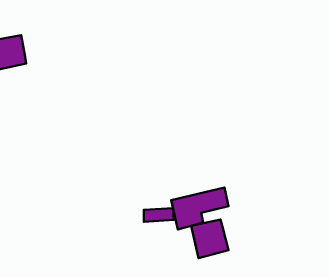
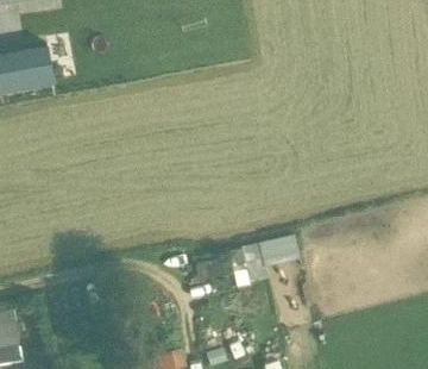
building: [191,219,228,258] -> none

